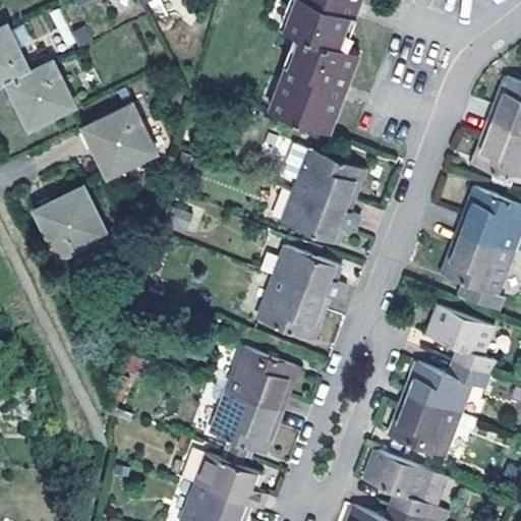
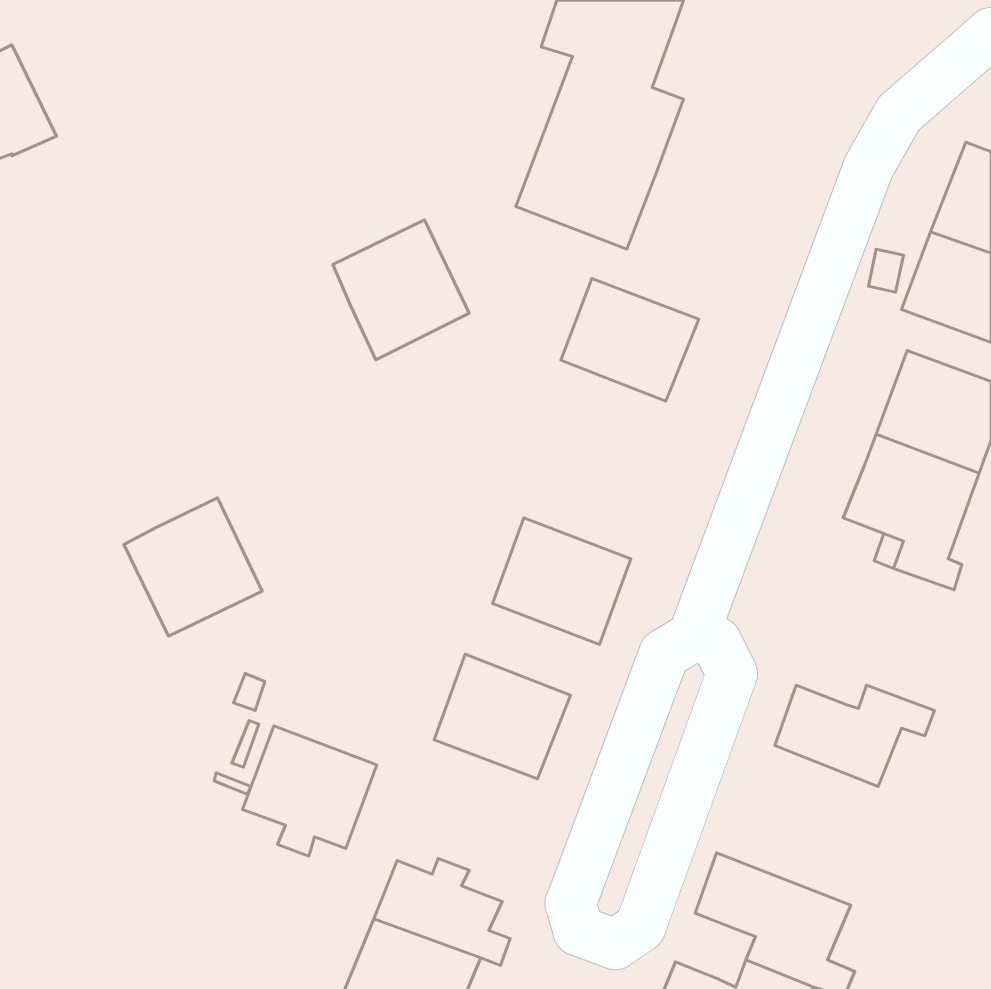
building: [6,62,75,131] -> none
building: [84,106,156,179] -> [333,220,469,360]
building: [35,188,107,260] -> [124,498,262,636]
building: [281,191,359,243] -> none
building: [274,244,345,299] -> none
building: [425,305,495,374] -> none
building: [211,390,281,458] -> [243,726,377,856]
building: [389,393,459,457] -> none

